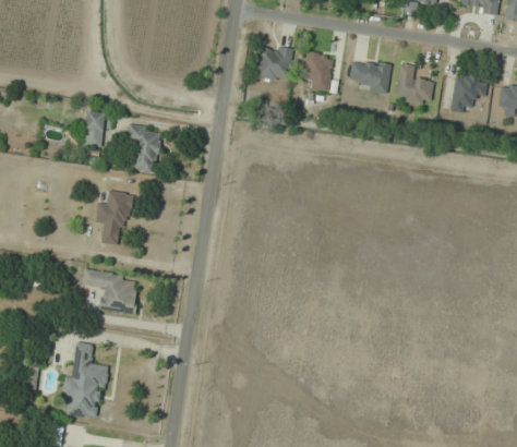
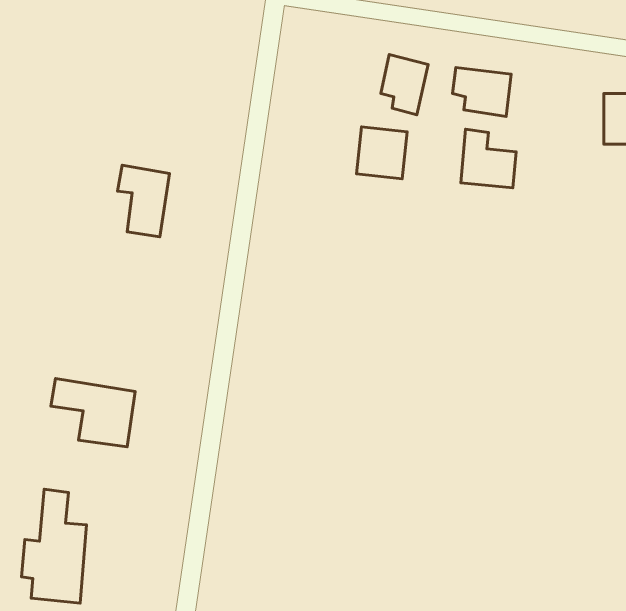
building: [257,46,291,81] -> [357,127,407,179]
building: [395,64,432,104] -> [461,129,516,188]
building: [85,113,108,147] -> none
building: [94,190,133,244] -> none

